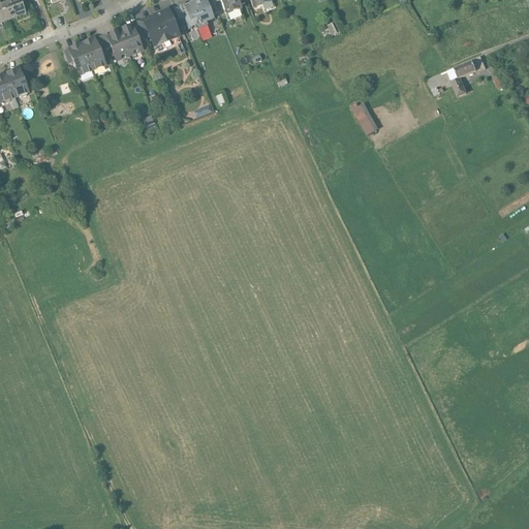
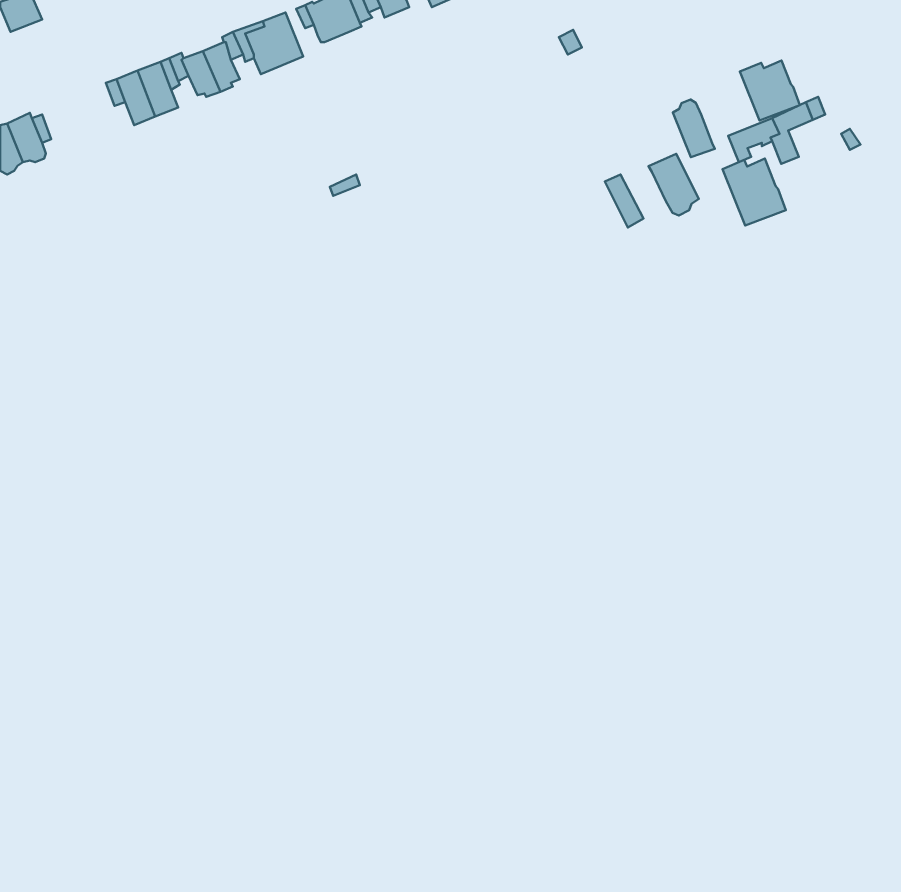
building: none -> [740,60,800,120]
building: none -> [673,100,715,157]
building: none -> [648,154,699,215]
building: none -> [722,158,786,226]

